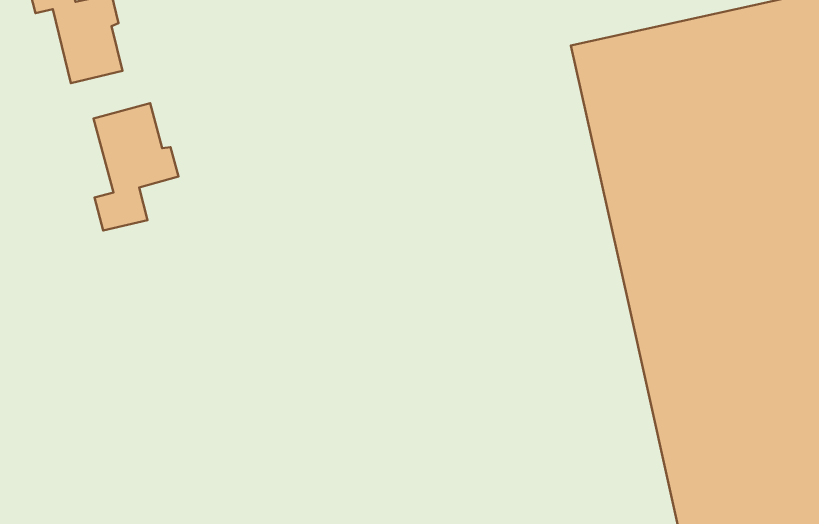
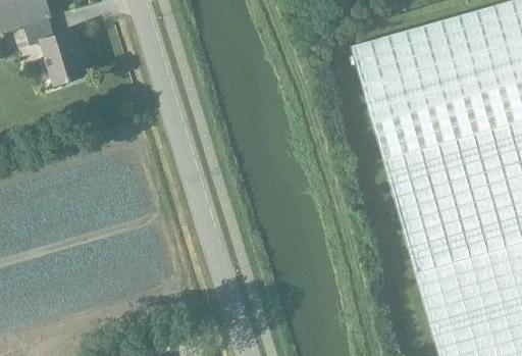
building: [94,103,178,230] -> none

